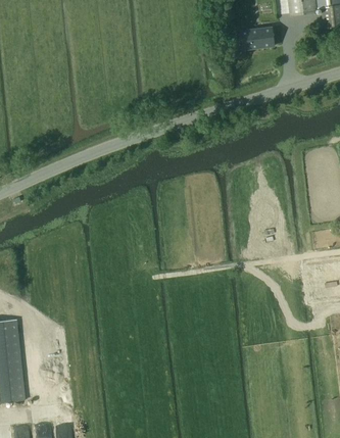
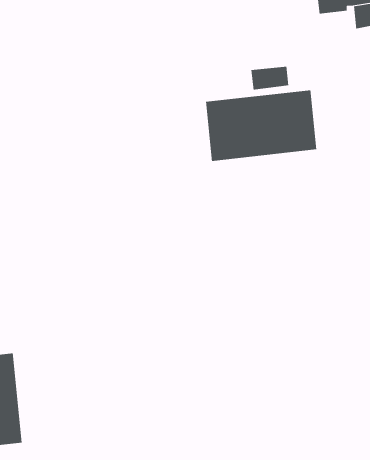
building: [239,28,274,49] -> [251,66,289,90]
building: none -> [205,89,317,162]

